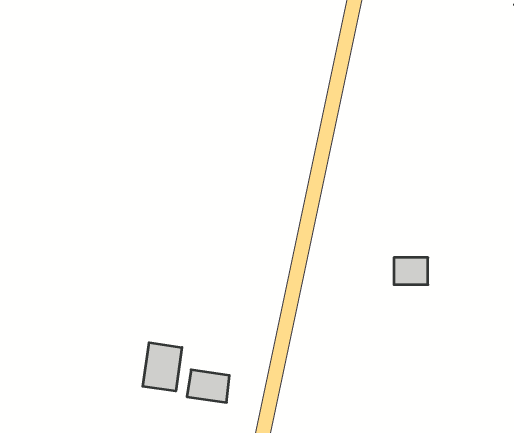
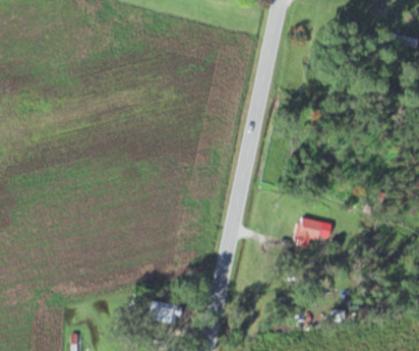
building: [143,343,182,391] -> none

